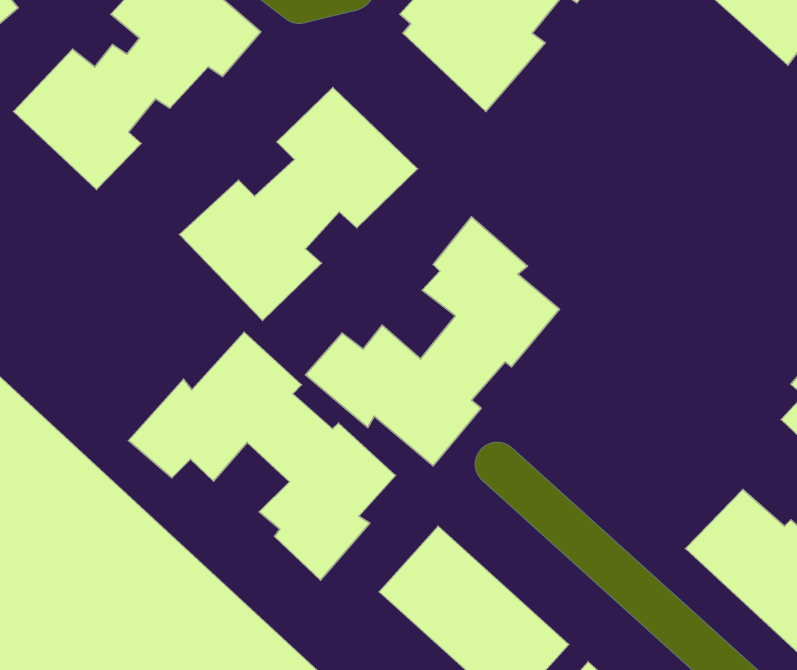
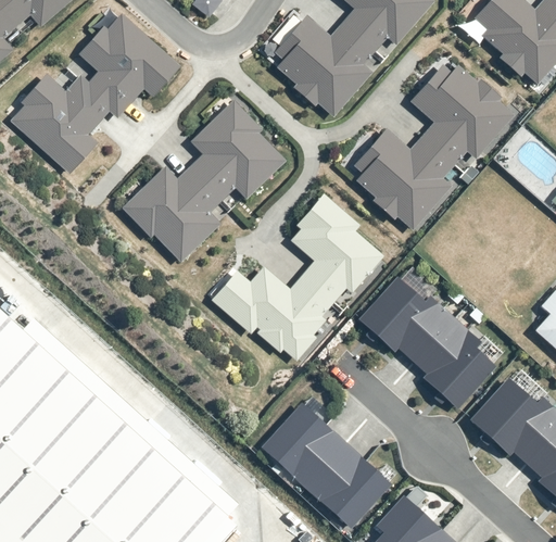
building: none -> [354,64,514,229]
building: [128,332,396,580] -> none
building: none -> [358,277,497,408]

